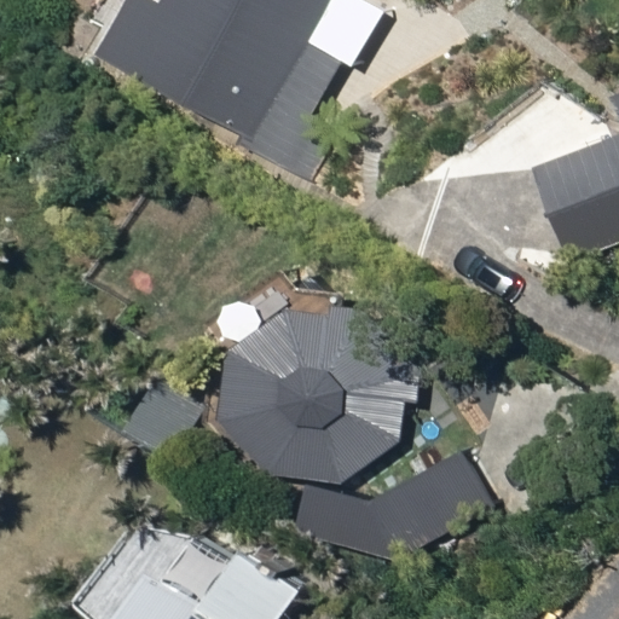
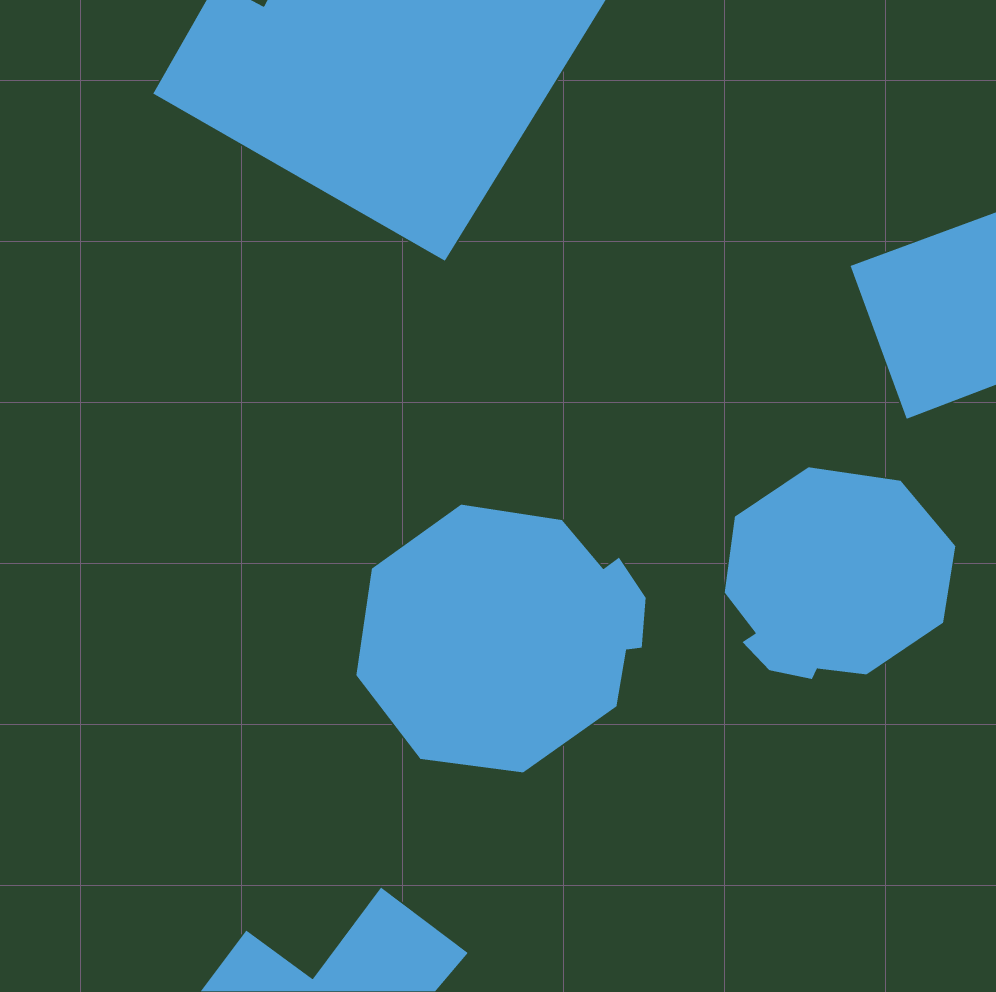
building: none -> [724,467,956,680]
building: [322,450,498,560] -> none

